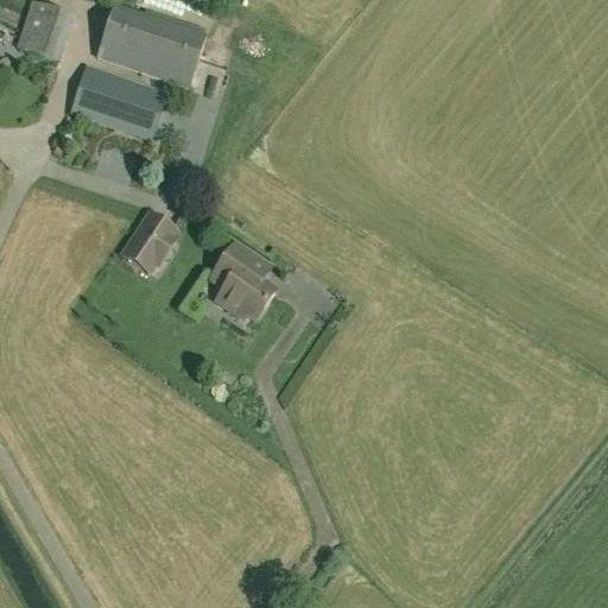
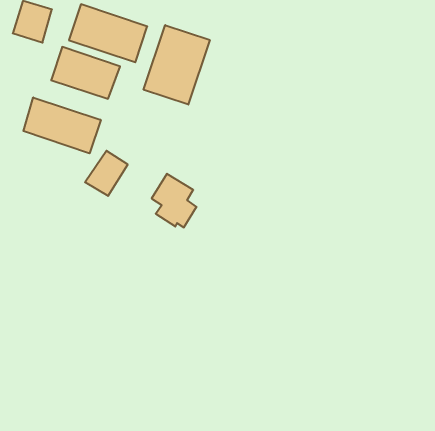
building: none -> [144,25,210,105]
building: none -> [23,97,101,153]

